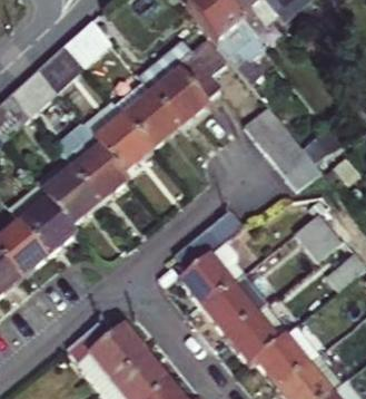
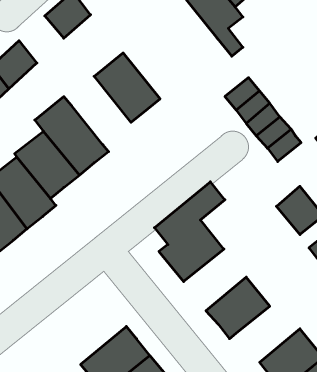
building: [138,38,226,126] -> none
building: [40,43,85,90] -> none
building: [85,100,151,172] -> none
building: [204,273,268,337] -> none
building: [67,318,147,390] -> none
building: [256,327,319,388] -> none

